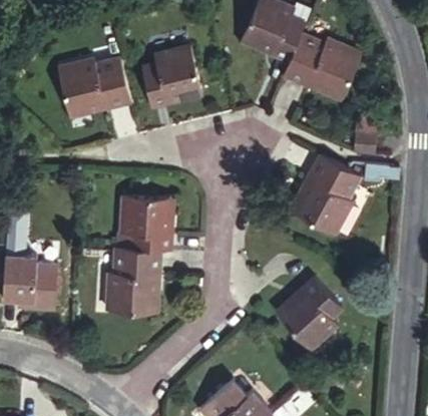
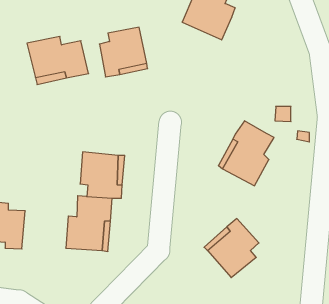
building: [286,34,365,100] -> none

